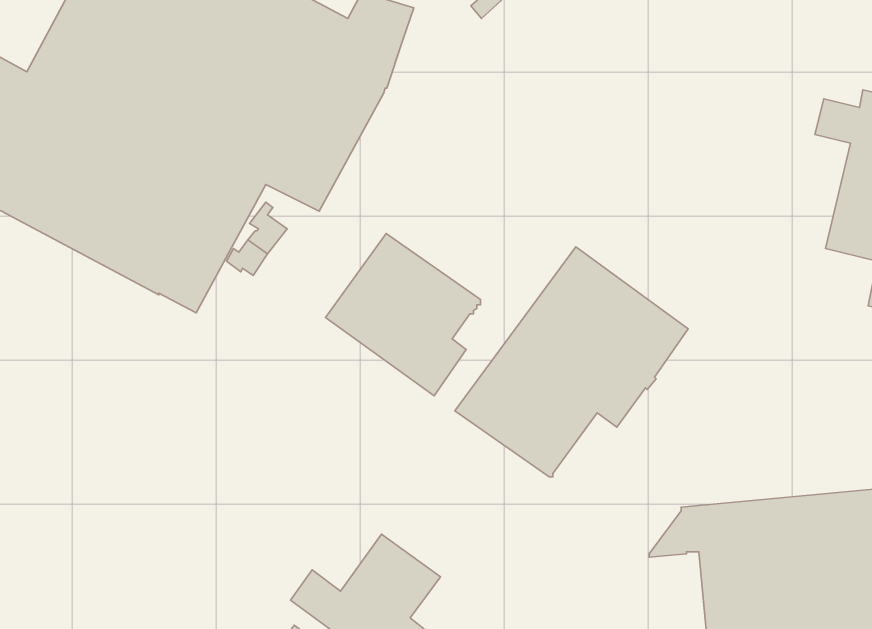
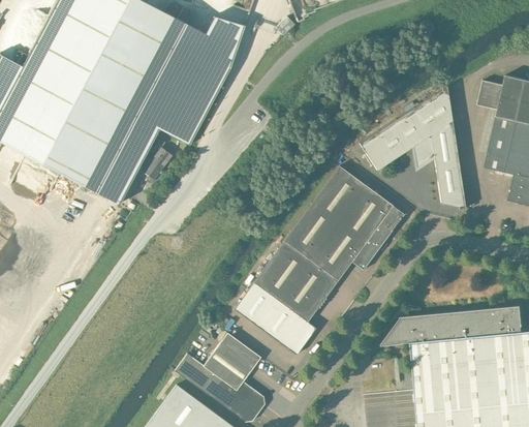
building: none -> [359,85,465,209]
building: [325,234,481,396] -> [234,261,323,355]

